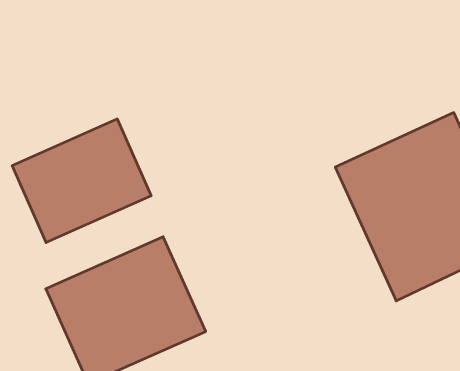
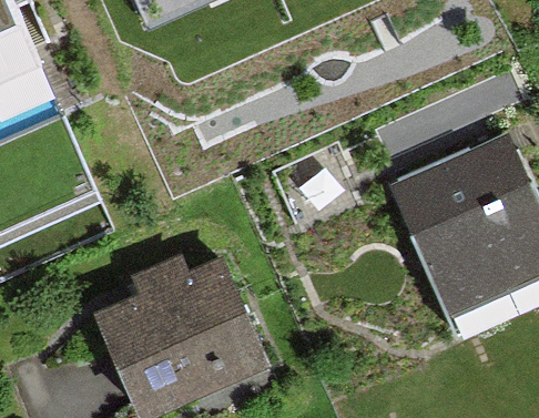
building: [12,119,151,243] -> none

